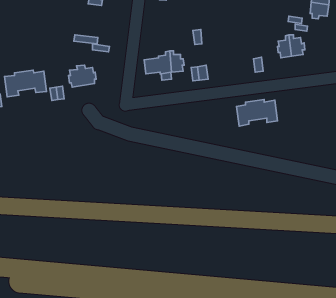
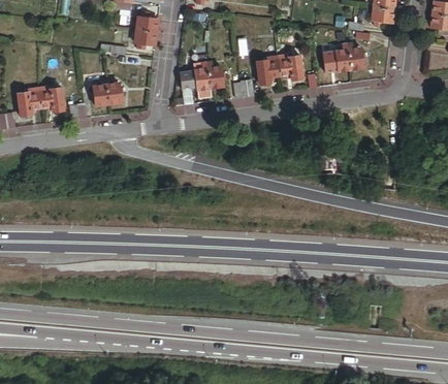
building: none -> [133,11,158,49]
building: [237,99,277,126] -> [256,54,303,85]

